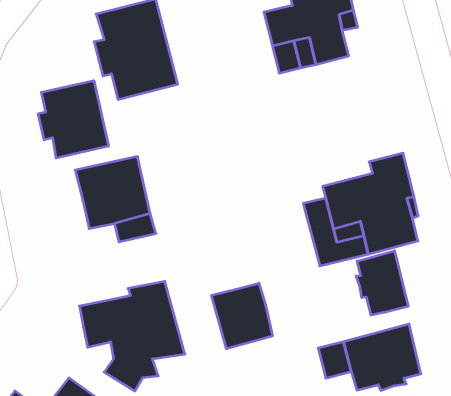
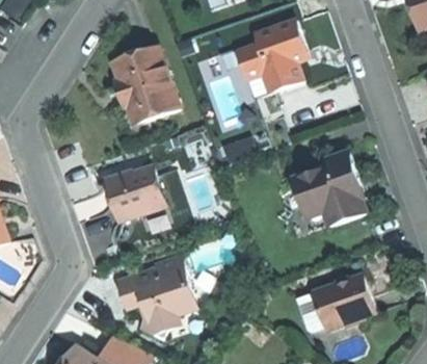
building: [38,81,108,158] -> none
building: [356,251,408,315] -> none
building: [212,283,272,349] -> none

